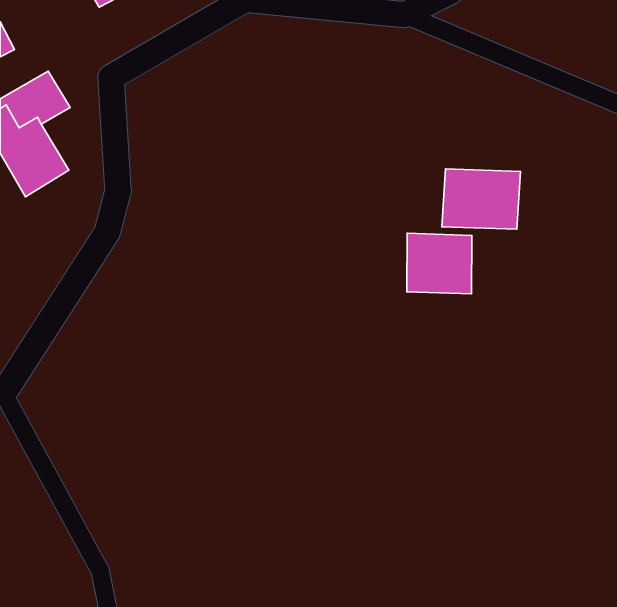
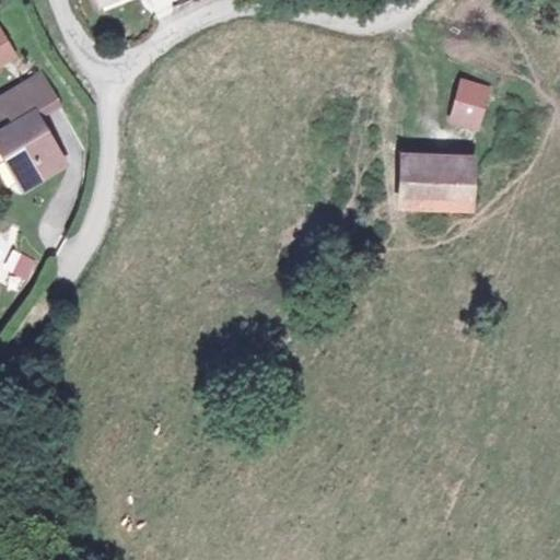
building: none -> [441,83,481,131]
building: [407,233,472,294] -> none

